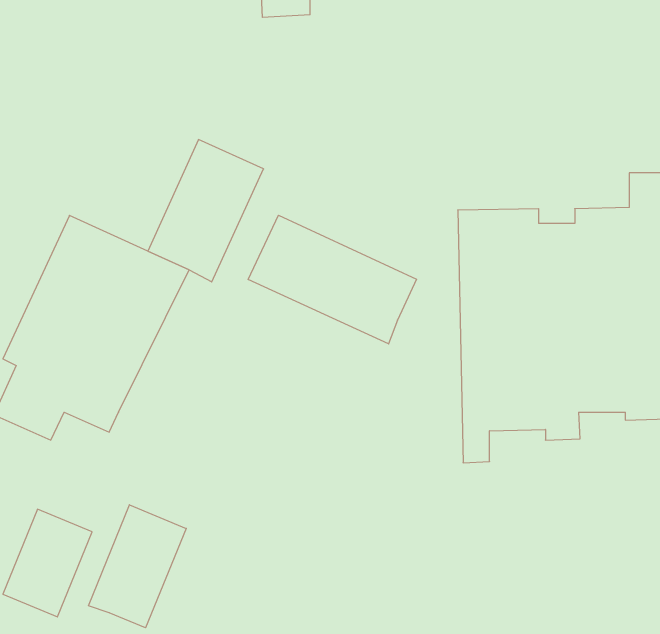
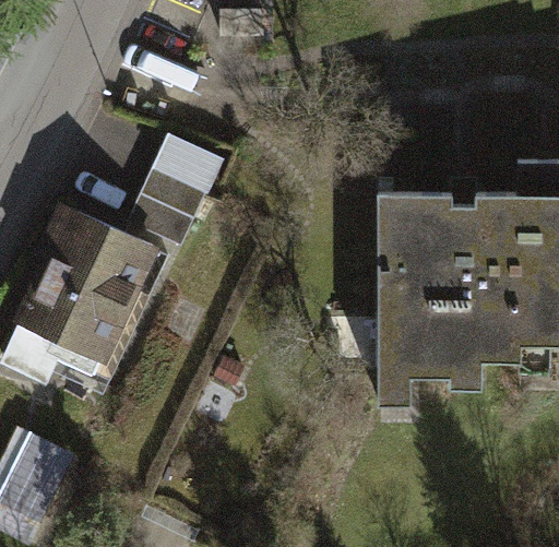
building: [248,215,417,344] -> none
building: [88,505,186,628] -> none

